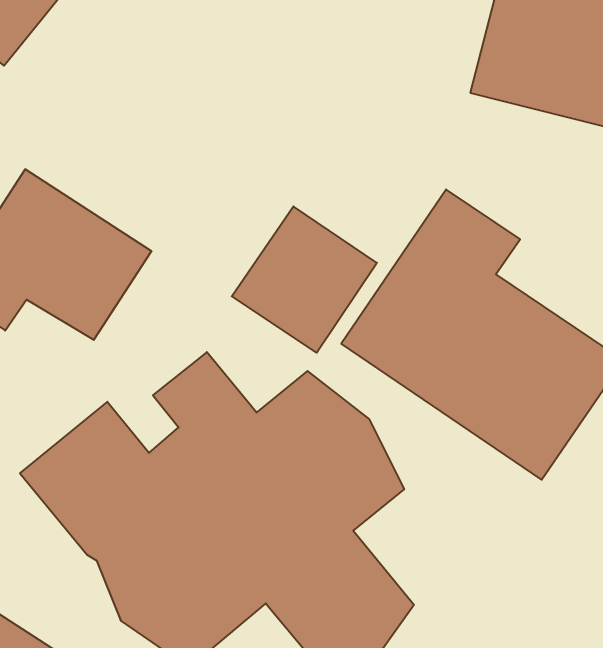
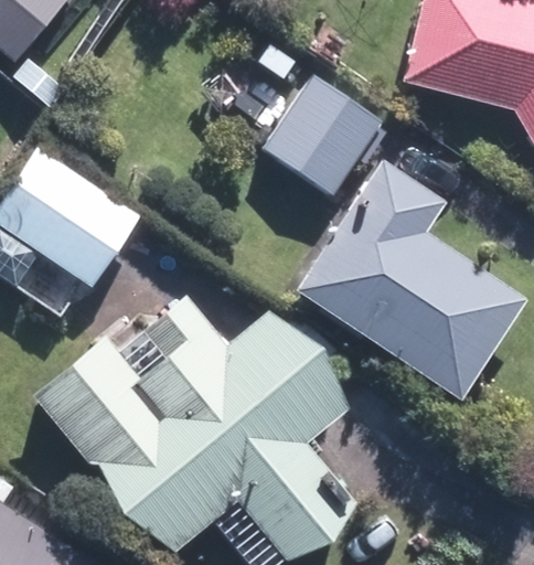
building: [232,206,377,353] -> [265,74,384,194]

